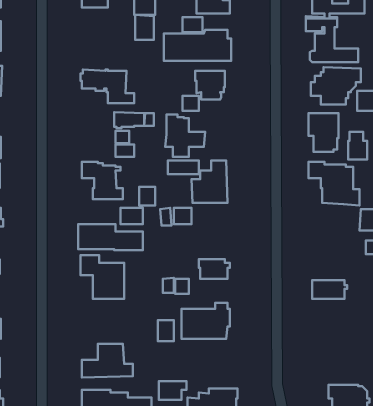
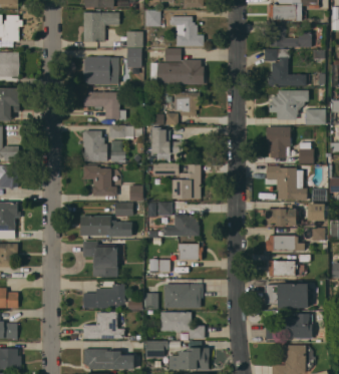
building: none -> [83,56,118,84]
building: none -> [81,130,106,161]
building: none -> [265,205,298,226]
building: none -> [157,215,199,237]
building: none -> [265,236,304,251]
building: none -> [264,283,308,308]
building: none -> [83,284,141,310]
building: none -> [160,312,204,339]
building: none -> [265,313,312,339]

